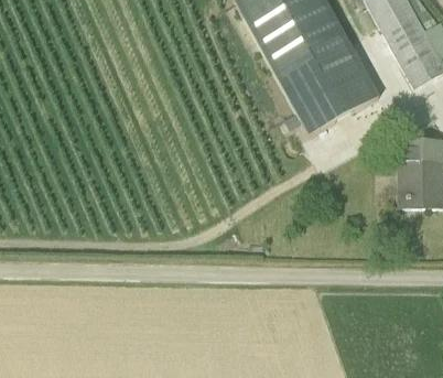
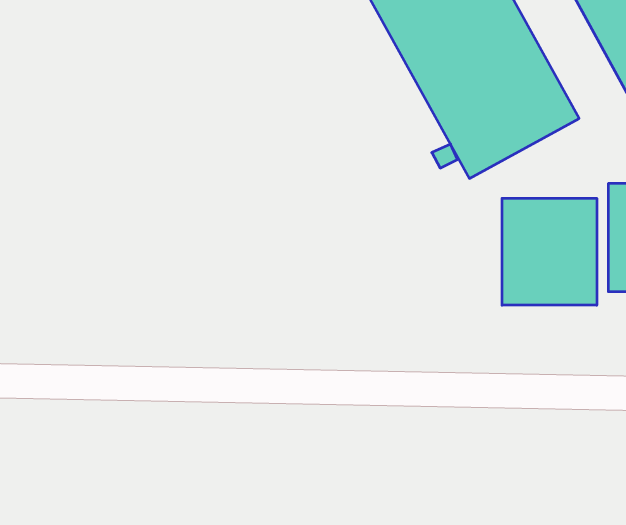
building: none -> [502,198,597,305]

